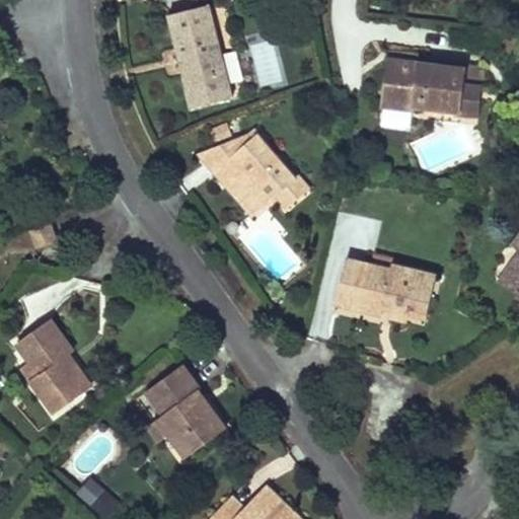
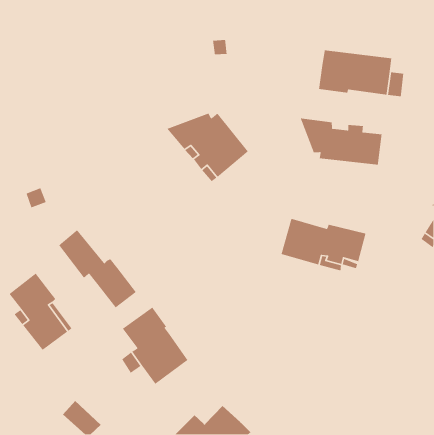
building: [169,5,235,106] -> none
building: none -> [300,118,382,166]
building: none -> [58,229,137,308]

